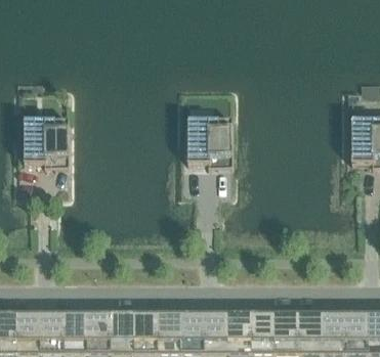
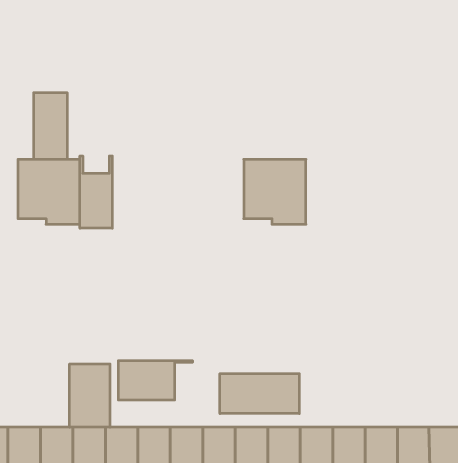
building: none -> [34,93,67,159]
building: none -> [80,156,112,228]
building: none -> [118,361,192,400]
building: none -> [70,364,110,427]
building: none -> [220,374,299,414]

